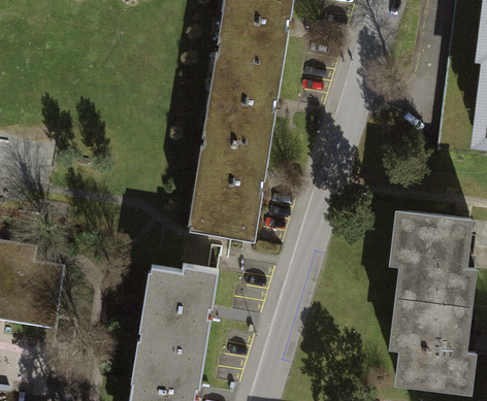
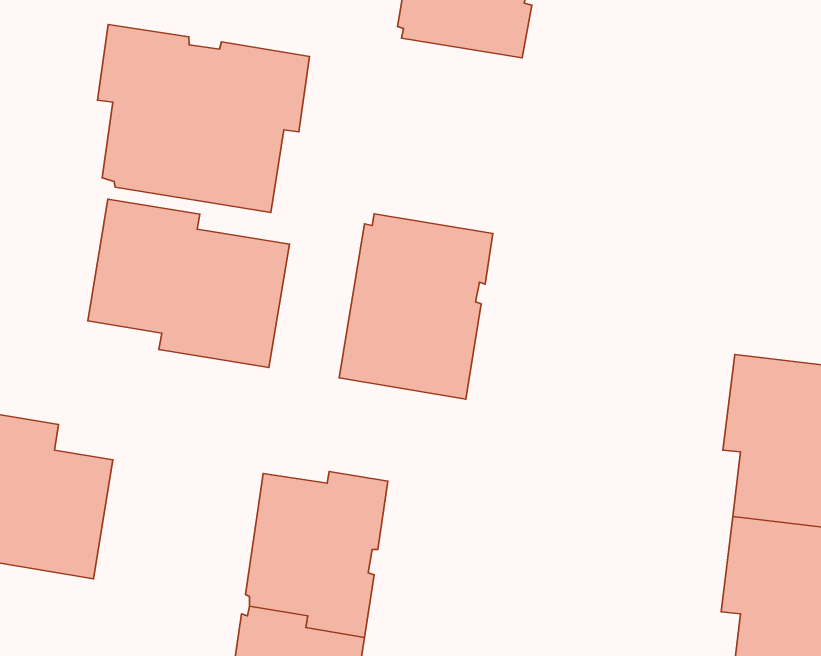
building: none -> [98,25,310,212]
building: [202,44,284,147] -> none
building: none -> [88,199,289,368]

